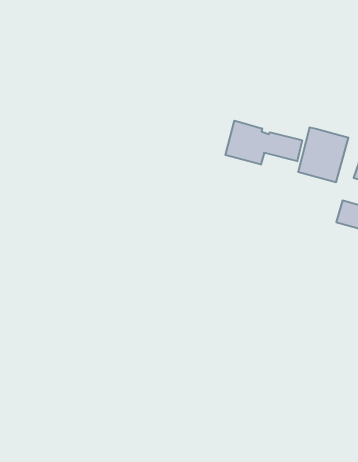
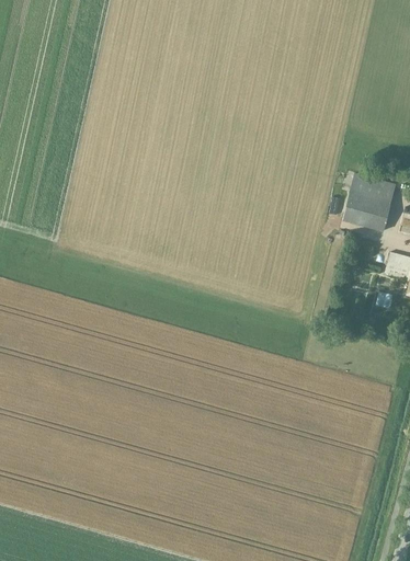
building: [225,121,302,165] -> none

